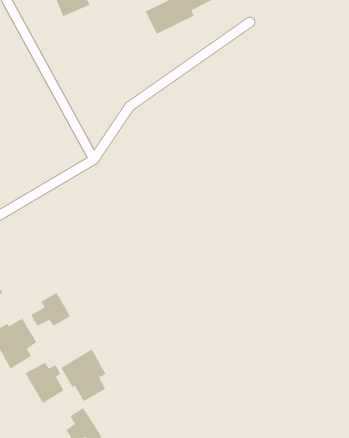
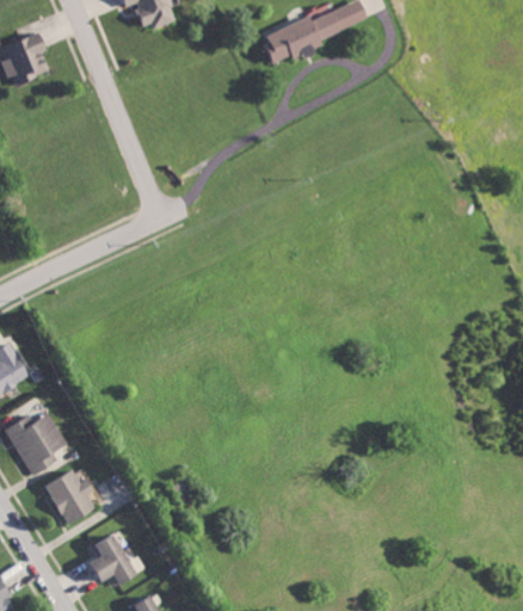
building: [31,292,71,327] -> none
building: [60,348,106,402] -> none

